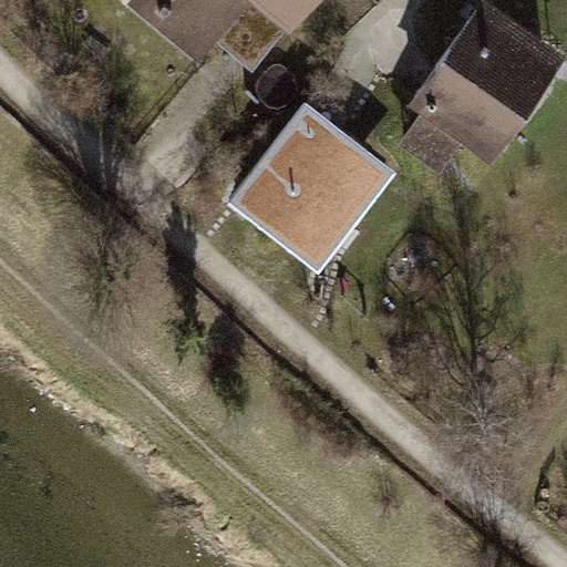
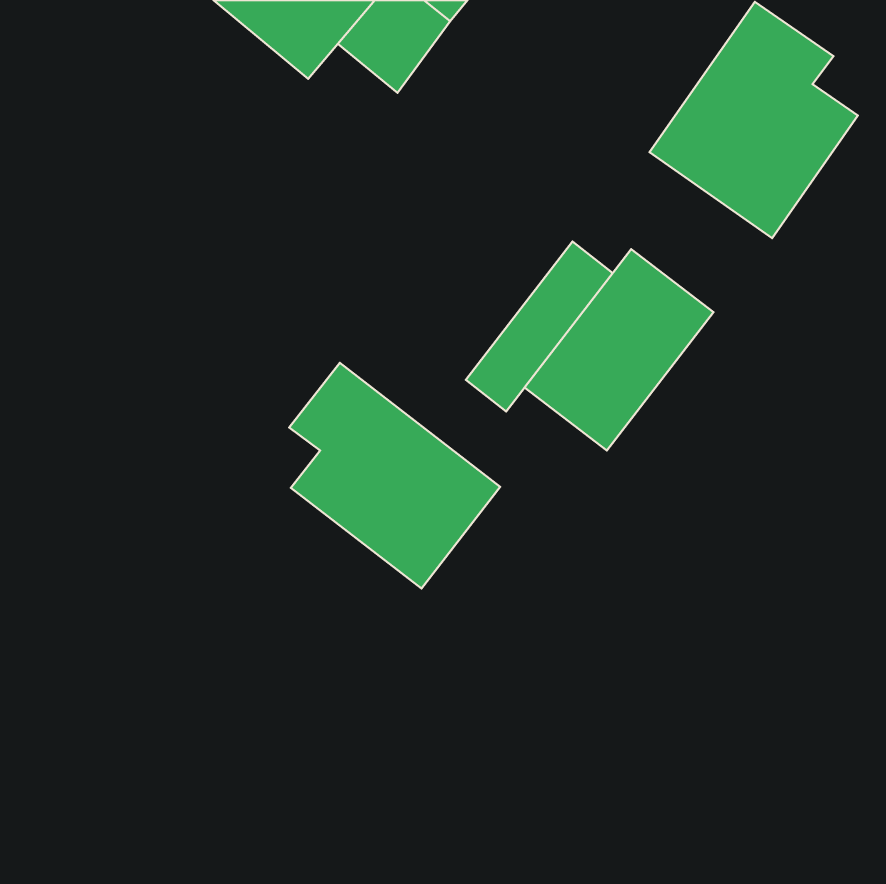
building: [243,120,362,247] -> [525,249,714,450]
building: none -> [289,363,500,589]

